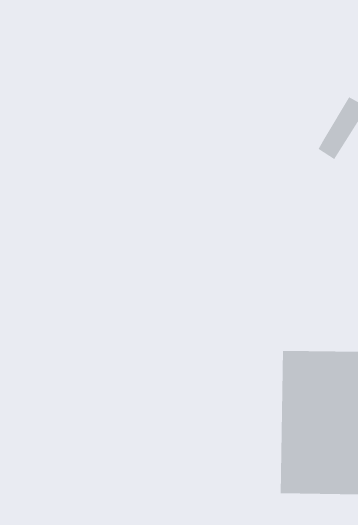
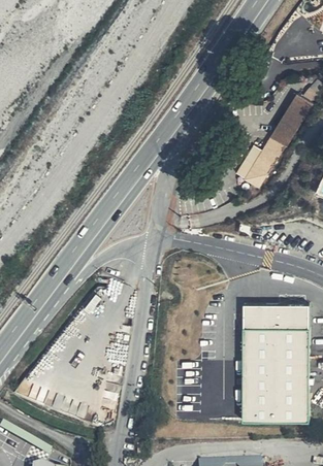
building: none -> [244,133,286,194]

